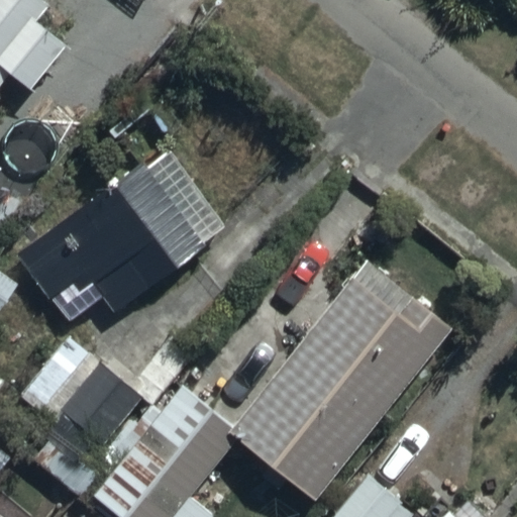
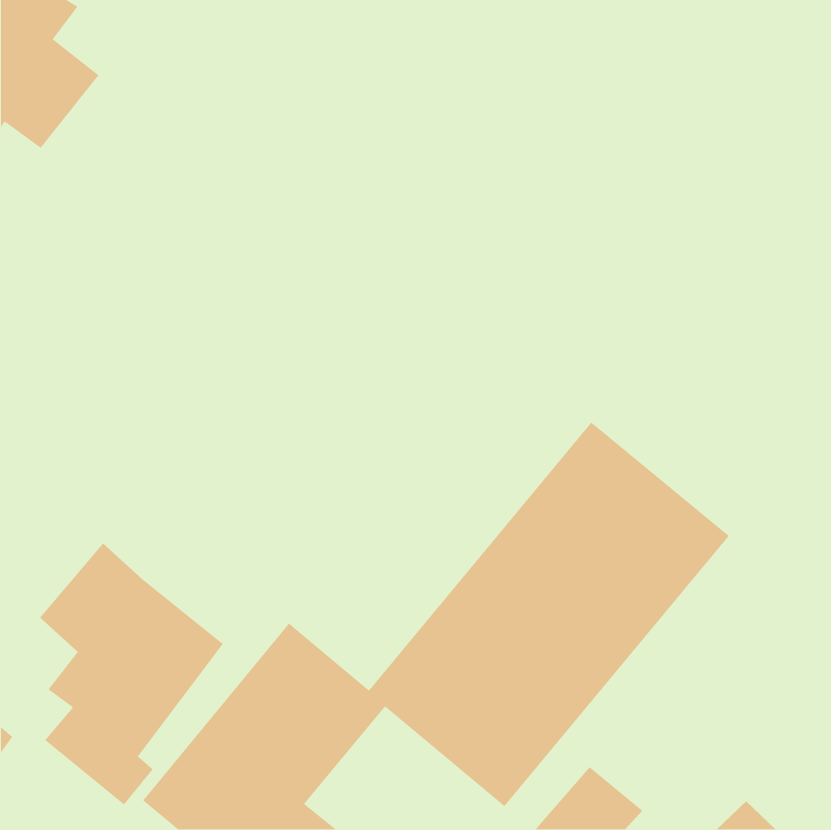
building: [16,141,231,320] -> none

